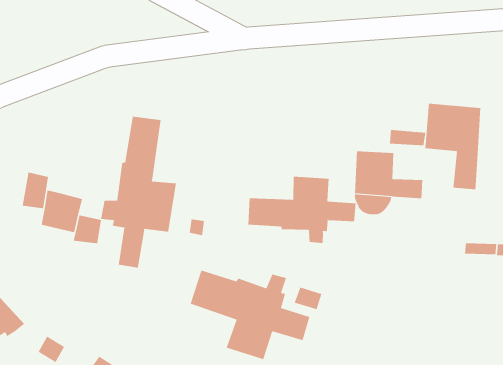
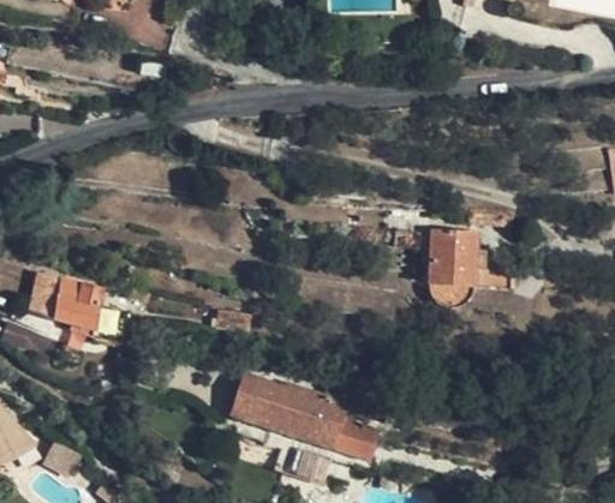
building: [425,103,481,190] -> none
building: [101,116,176,269] -> none
building: [248,176,356,244] -> none

